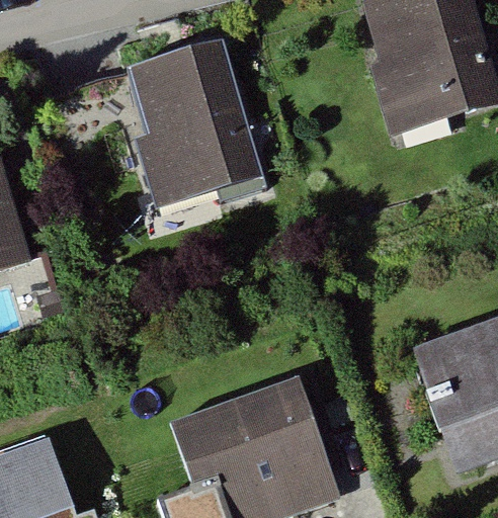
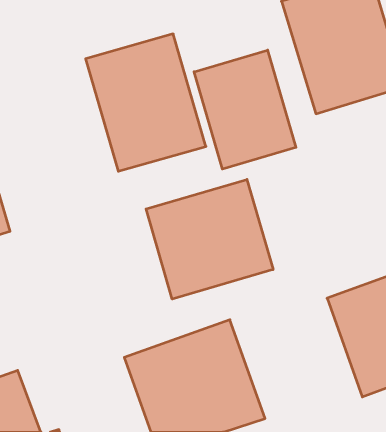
building: none -> [194,50,296,169]
building: none -> [146,179,273,299]

